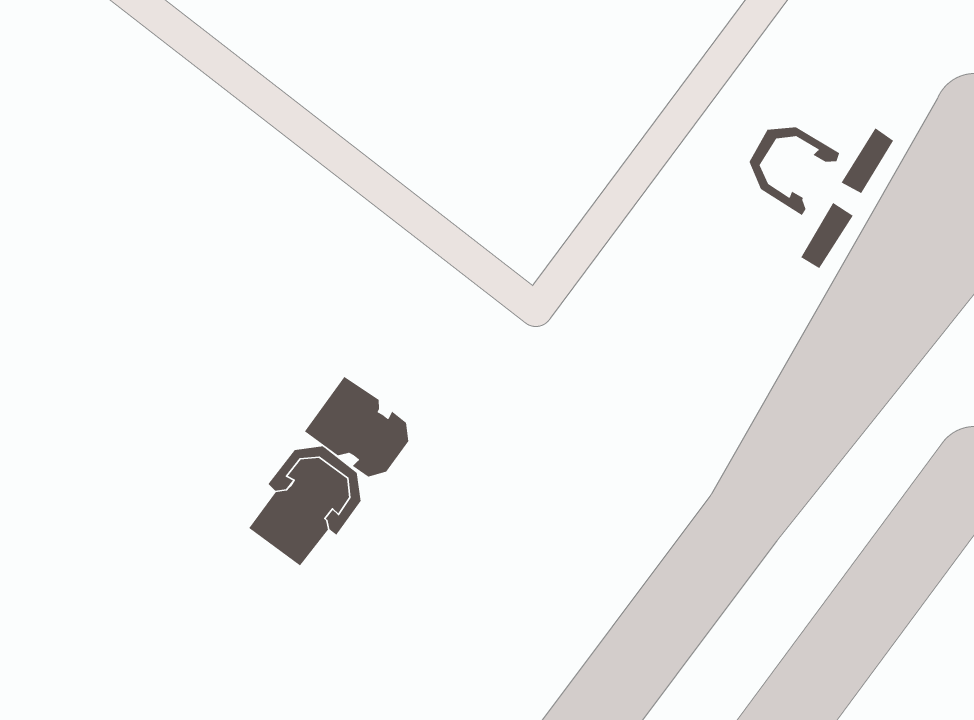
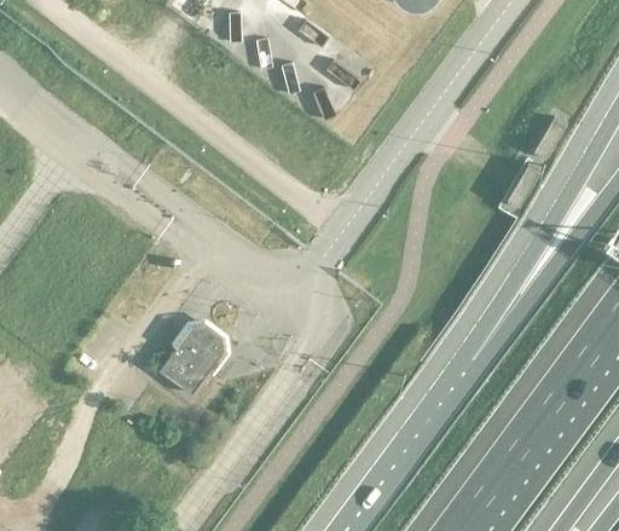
building: [748,127,840,216] -> none
building: [304,376,409,478] -> none

